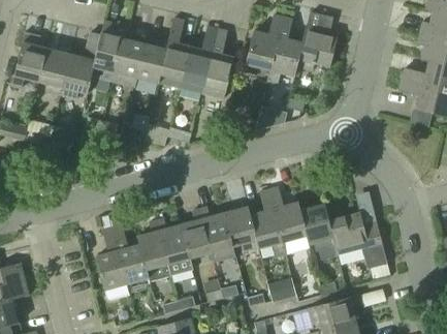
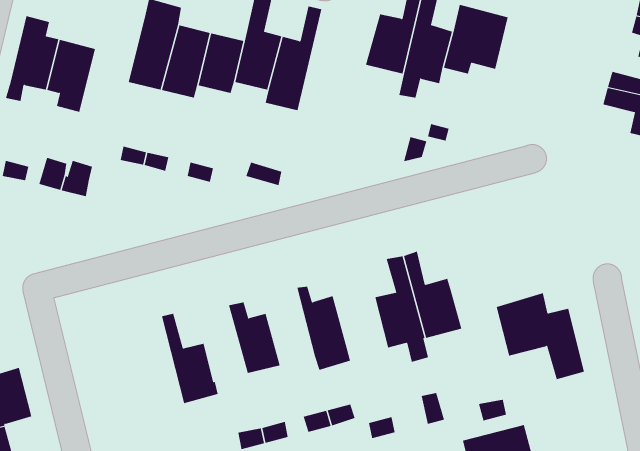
building: [200,28,232,99] -> none
building: [59,32,100,98] -> none
building: [299,204,337,257] -> none
building: [223,208,258,252] -> none
building: [180,209,211,260] -> none
building: [137,220,169,278] -> none
building: [94,227,129,300] -> none

